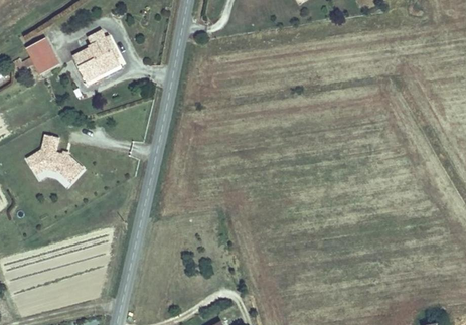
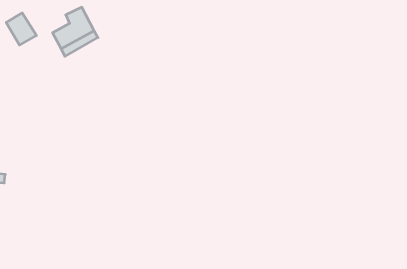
building: [23,138,80,187] -> none

